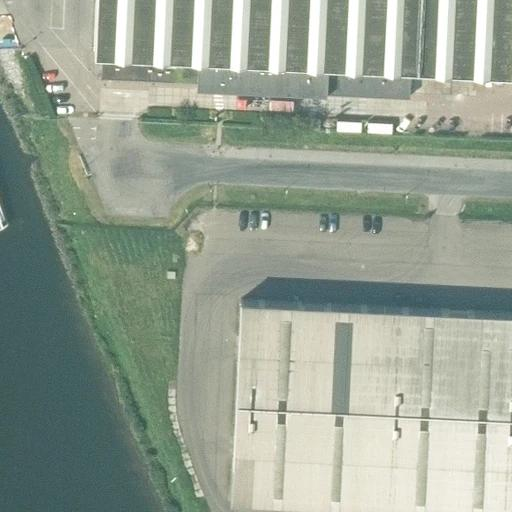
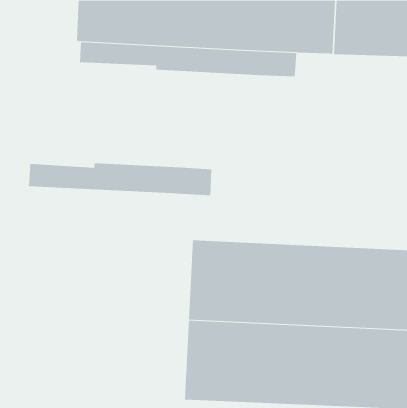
building: [372,68,413,100] -> none
building: none -> [28,163,212,196]

